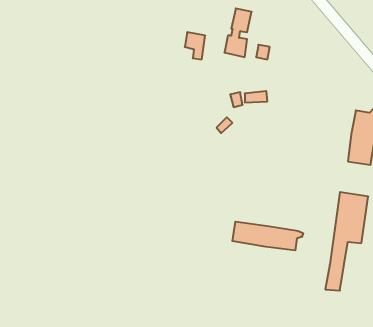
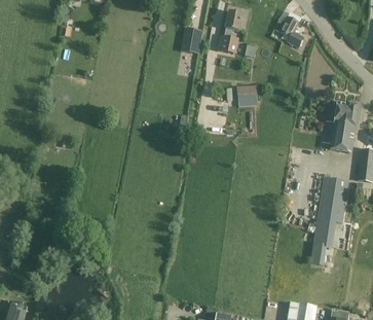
building: none -> [273,11,302,46]
building: [232,222,303,250] -> none

